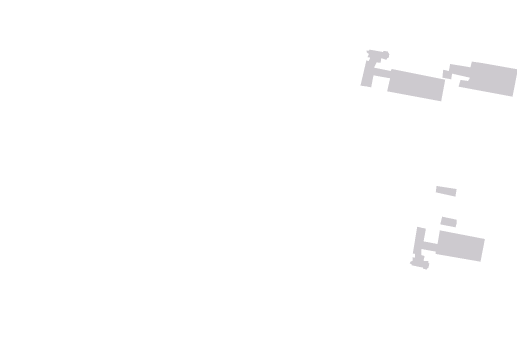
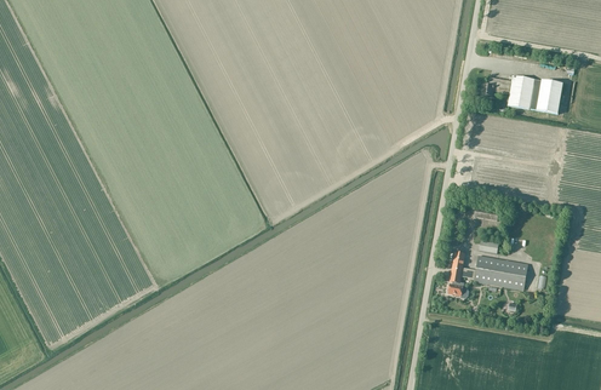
building: [360,49,446,102] -> none

